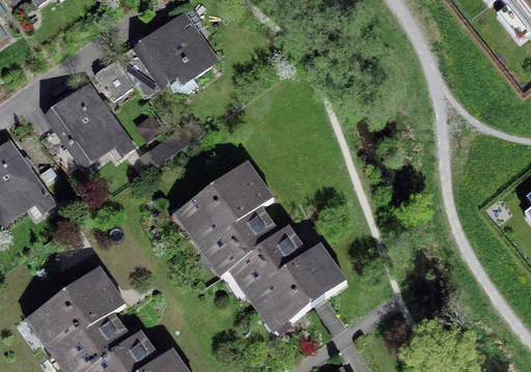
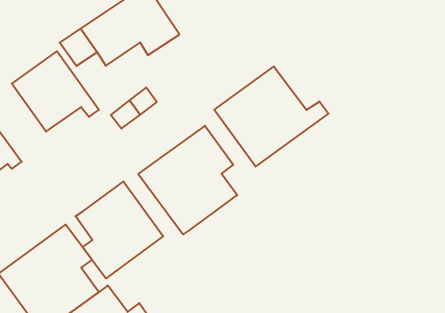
building: none -> [214,66,329,167]
building: none -> [75,181,163,278]
building: [228,228,342,335] -> none

